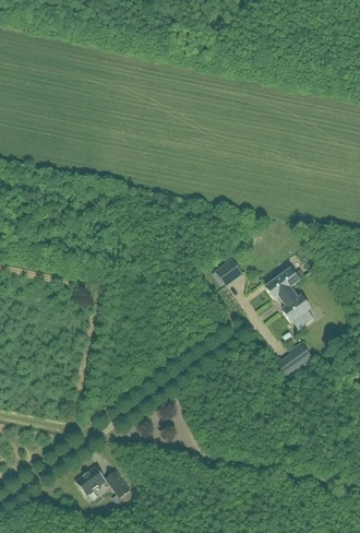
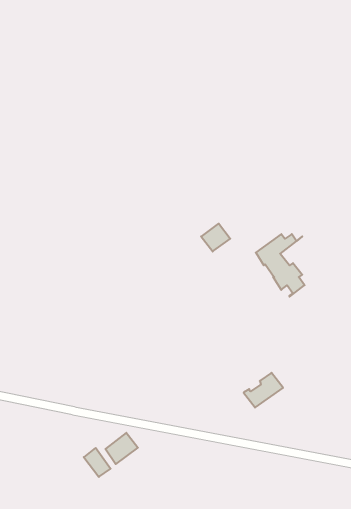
building: [275,343,312,376] -> [244,373,283,408]
building: [75,465,106,495] -> [105,433,138,464]

